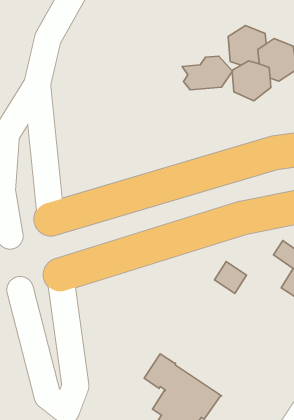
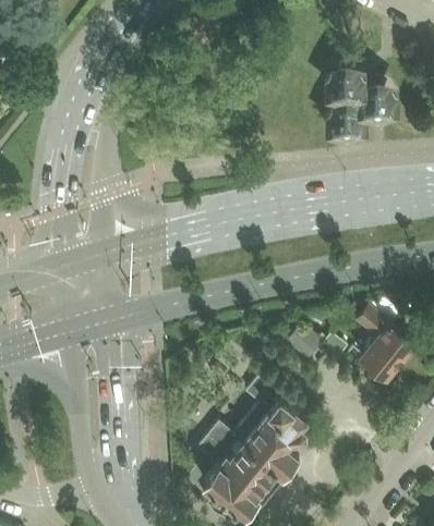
building: [182,56,232,90] -> none
building: none -> [234,383,308,480]

